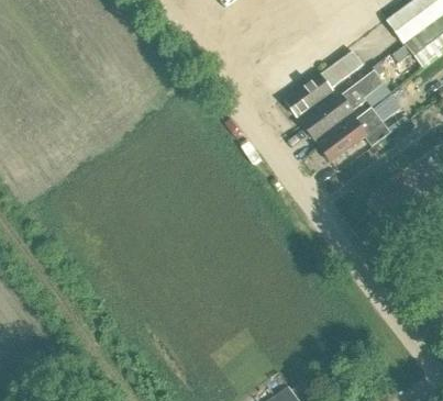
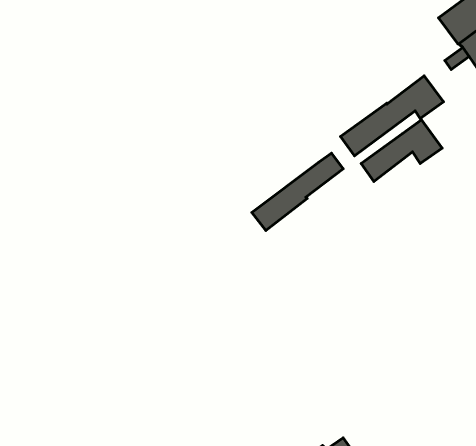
building: [285,49,363,115] -> [252,153,343,231]

